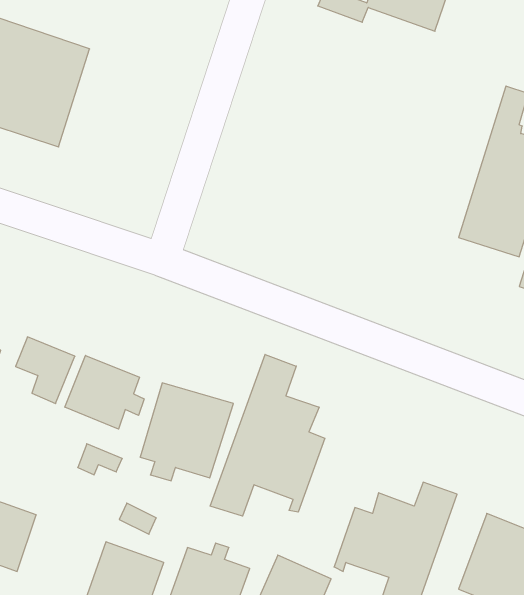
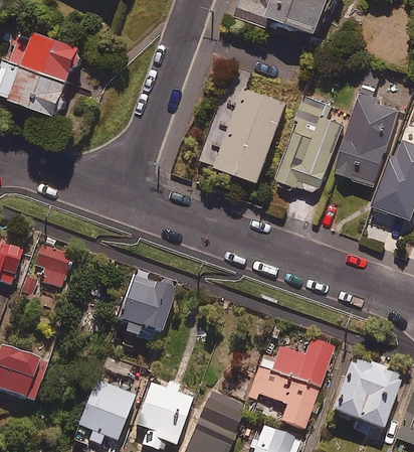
building: none -> [215,89,285,183]
building: none -> [276,98,342,193]
building: [210,354,325,516] -> none
building: [65,355,144,429] -> none

